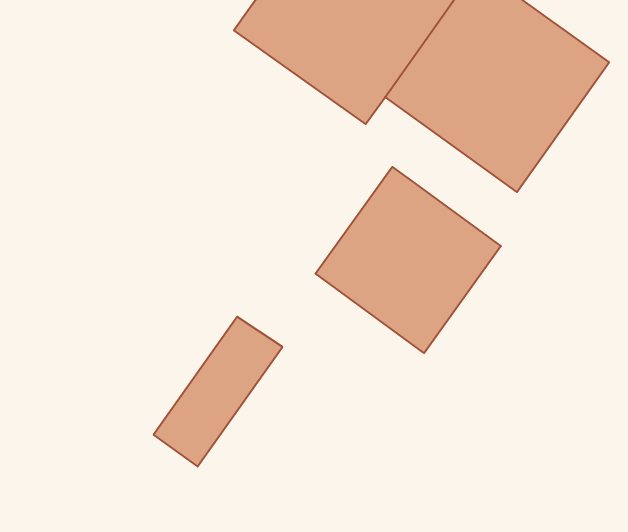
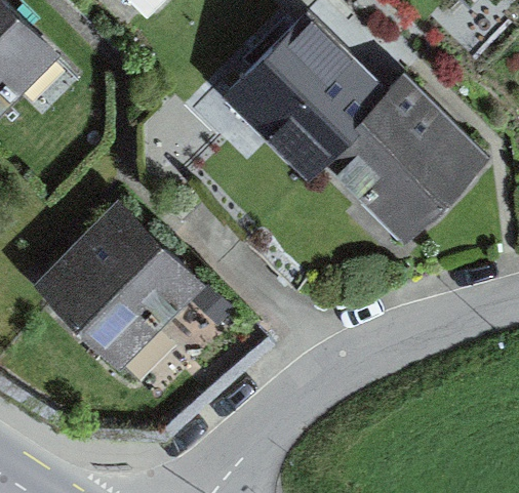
building: [315,167,501,353] -> none
building: none -> [38,203,197,362]

